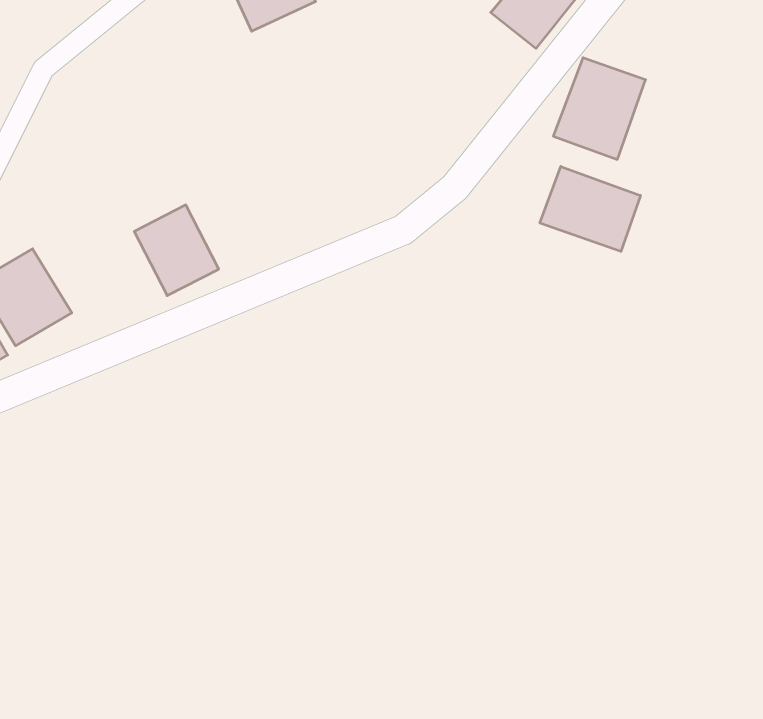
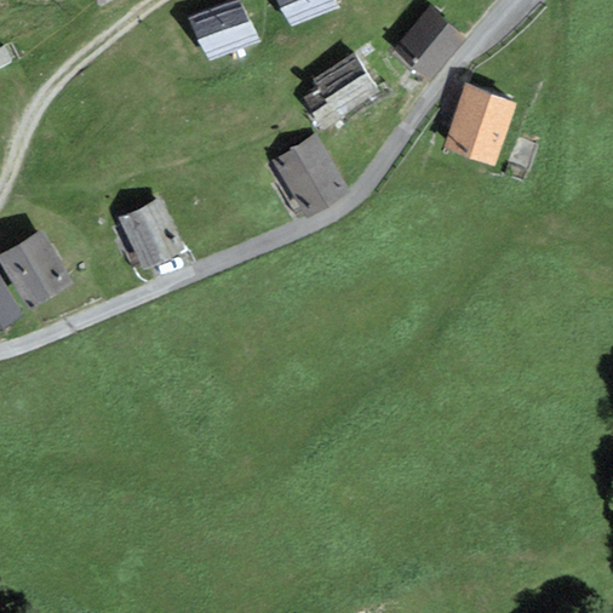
building: none -> [303,53,379,128]
building: none -> [274,136,346,212]
building: [540,166,640,251] -> none

